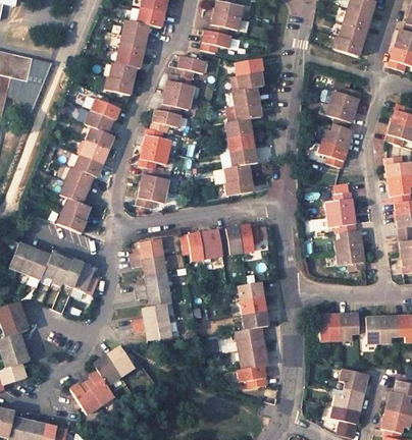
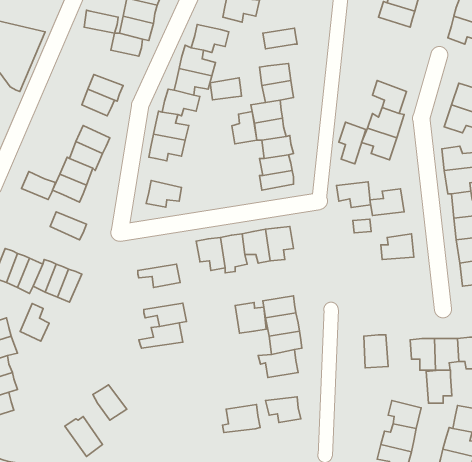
building: [237,71,263,90] -> [210,78,242,100]
building: [102,75,131,95] -> [84,10,118,33]
building: [330,88,361,111] -> none
building: [84,125,112,150] -> none
building: none -> [232,111,257,144]
building: none -> [339,122,366,164]
building: [141,167,170,191] -> none
building: [61,198,90,221] -> [21,172,55,200]
building: [326,212,355,233] -> [336,182,371,207]
building: [127,239,162,261] -> none
building: [334,250,363,271] -> none
building: [72,264,97,295] -> [20,304,49,341]
building: [134,271,167,293] -> none
building: none -> [235,302,266,333]
building: [338,314,359,341] -> [426,370,452,403]
building: [133,321,169,341] -> none
building: [236,346,267,370] -> [222,404,260,432]
building: [105,347,134,377] -> none
building: [84,372,113,406] -> none

